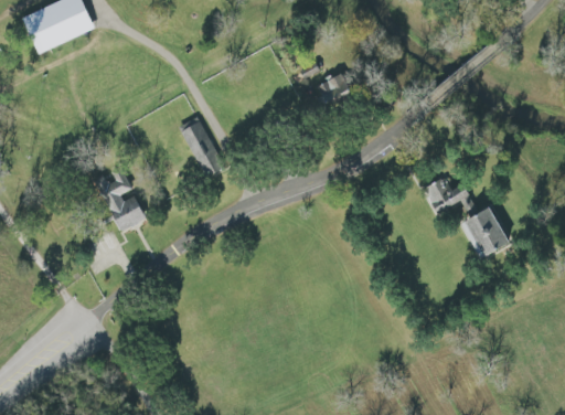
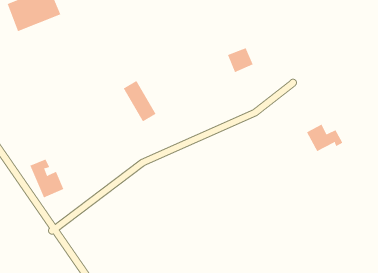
building: [99,178,146,231] -> [29,159,64,198]
building: [462,206,512,259] -> none

